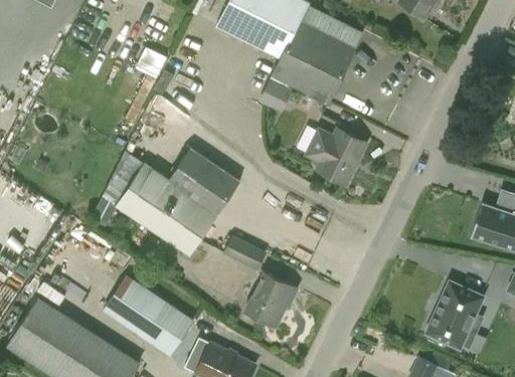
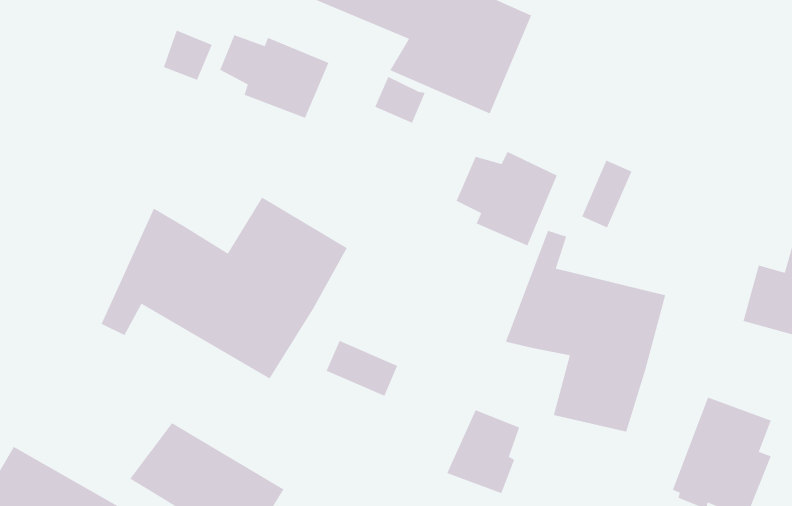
building: none -> [219,34,330,119]
building: none -> [581,160,632,228]
building: none -> [505,230,666,432]
building: [244,273,290,325] -> [446,409,520,494]

